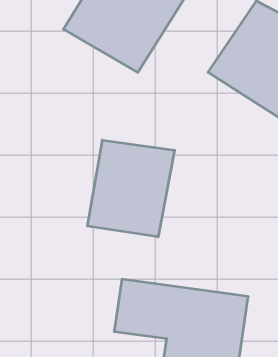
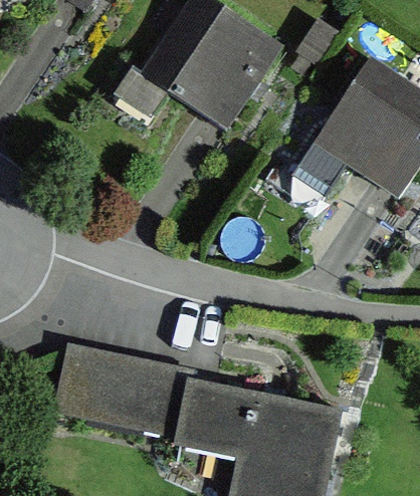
building: [87,140,175,237] -> none
building: none -> [51,347,191,443]

